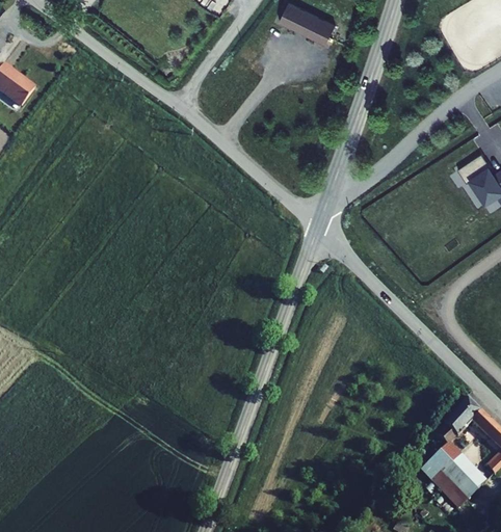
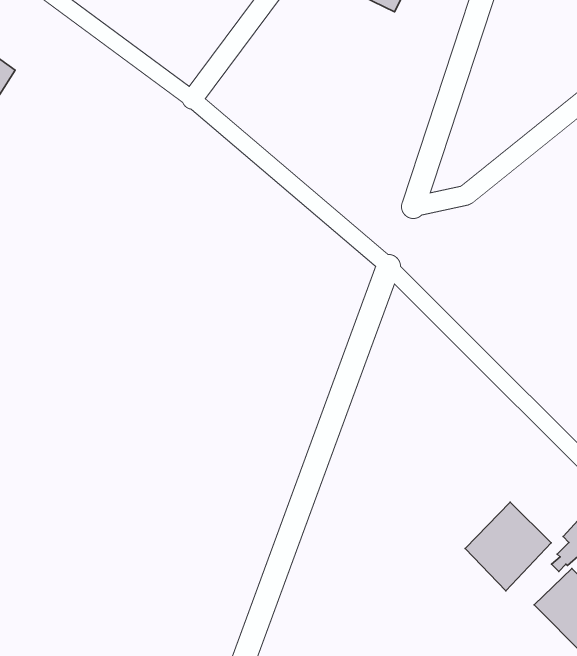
building: none -> [465,502,551,591]

